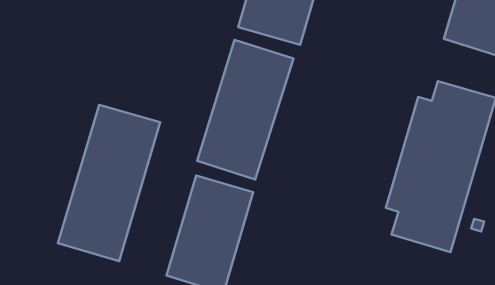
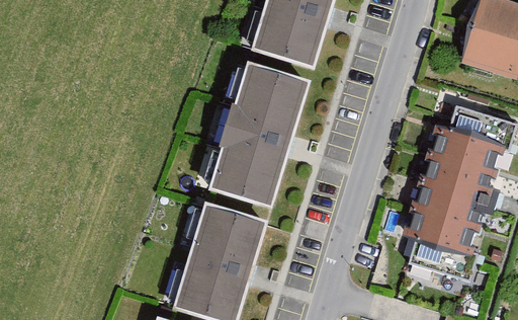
building: [58,105,160,261] -> none

